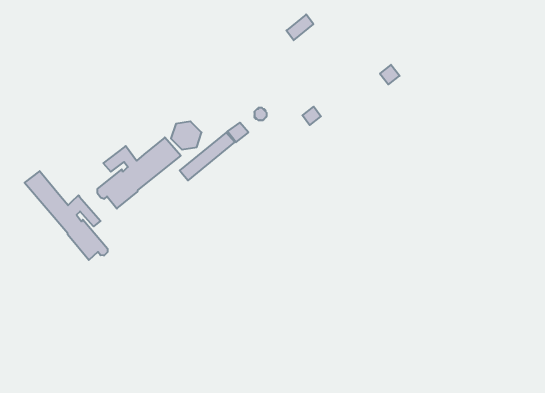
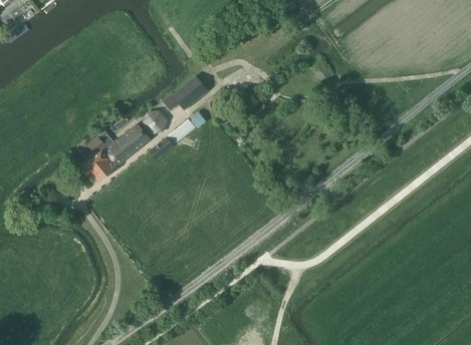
building: none -> [163,75,207,109]
building: [25,171,107,260] -> none

